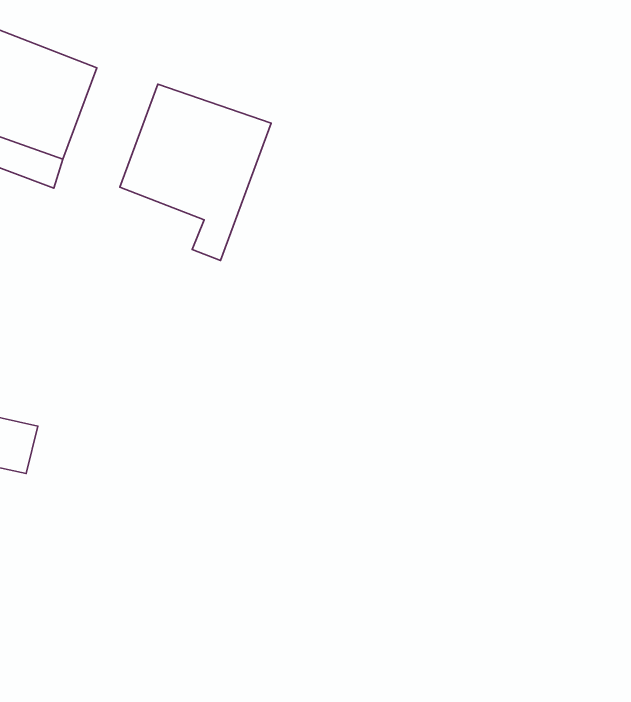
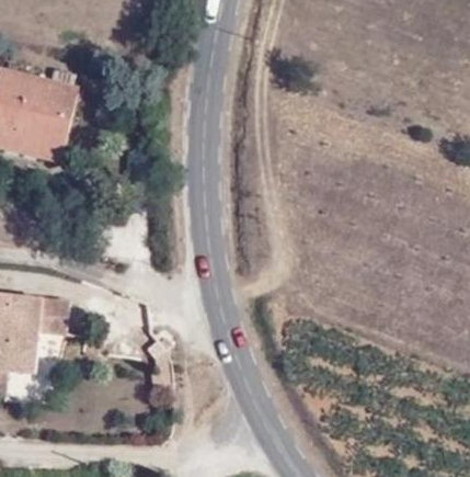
building: [120,84,271,261] -> none

